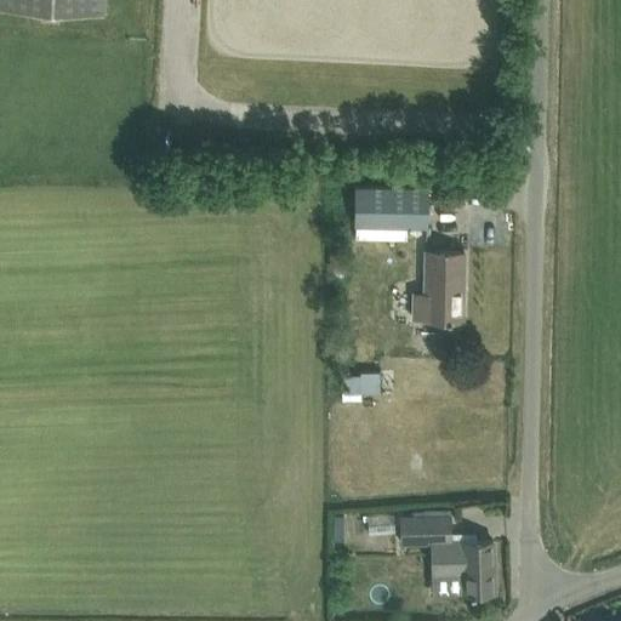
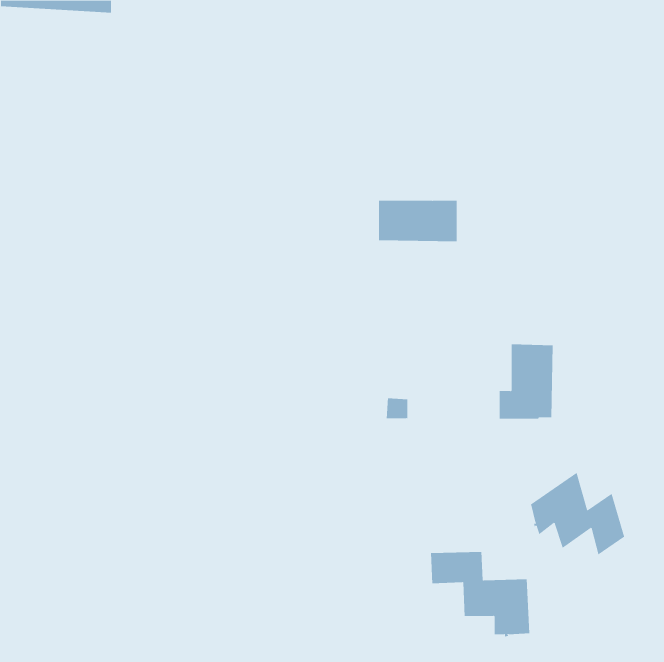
building: [414,252,465,323] -> [499,344,554,419]
building: none -> [530,472,625,556]

